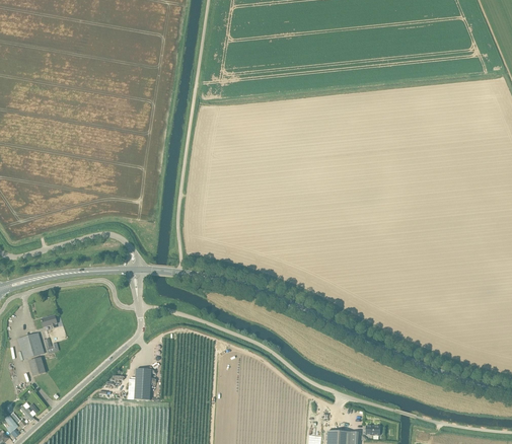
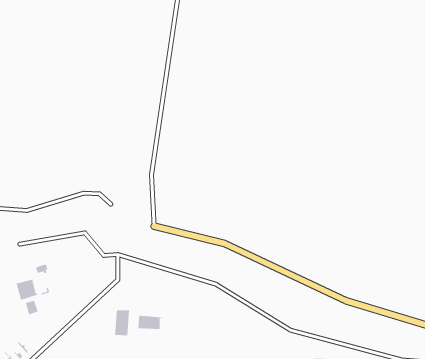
building: none -> [137,315,163,330]

